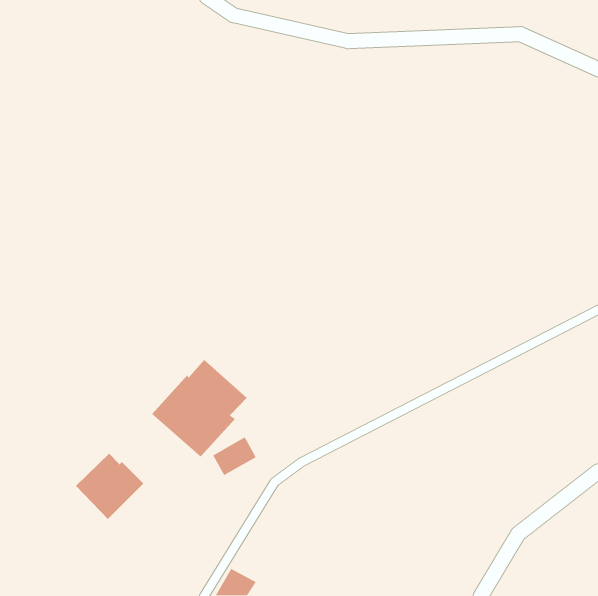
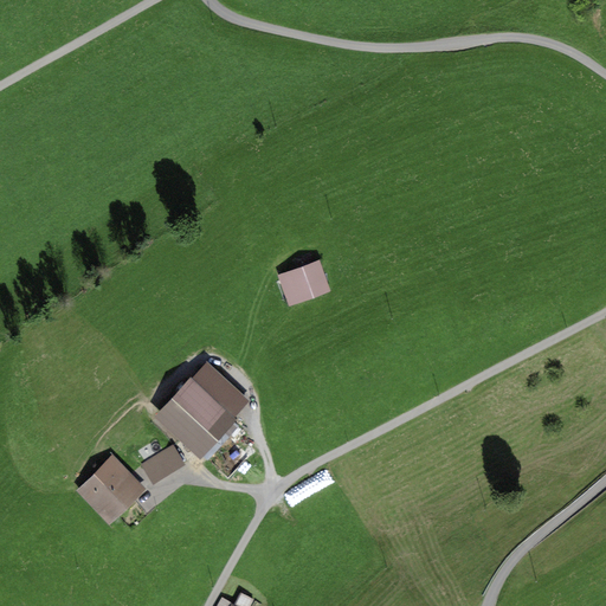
building: none -> [277,260,331,305]
building: [212,436,257,476] -> [140,444,185,484]

